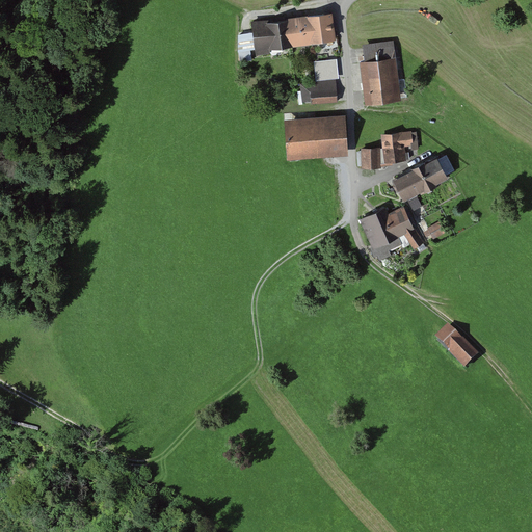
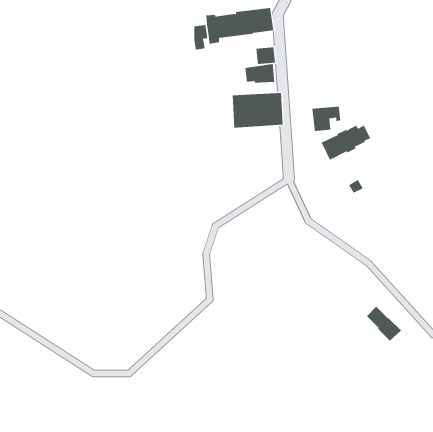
building: [358,41,401,105] -> none
building: [360,148,380,169] -> none
building: [358,205,424,261] -> none
building: [434,324,478,368] -> [366,306,402,342]

